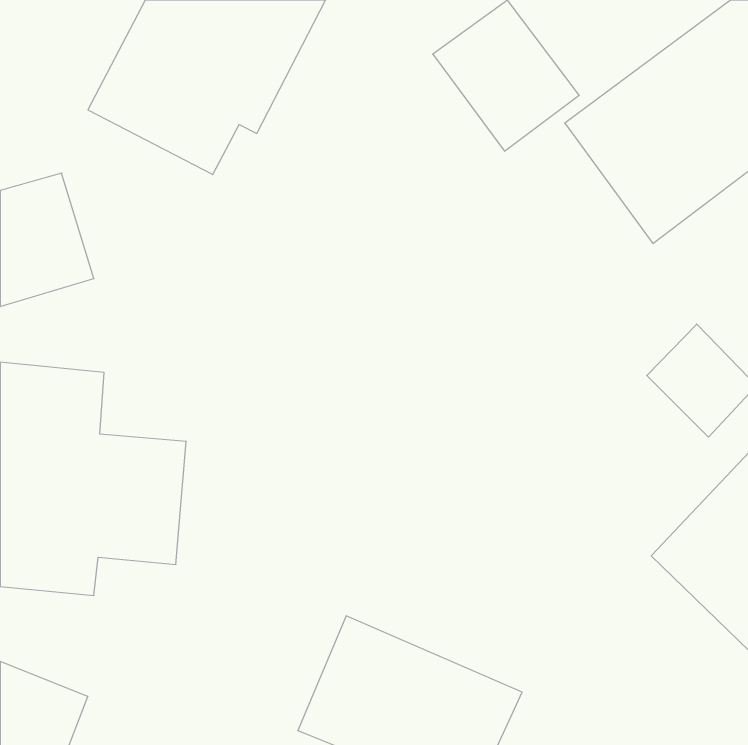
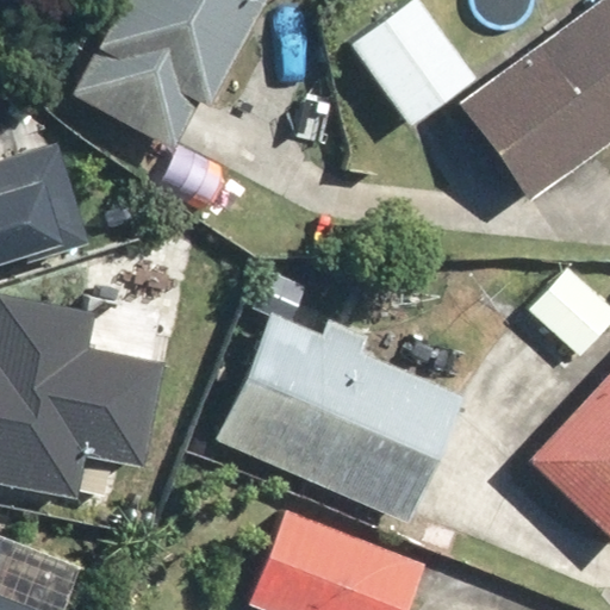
building: none -> [218,298,461,522]

